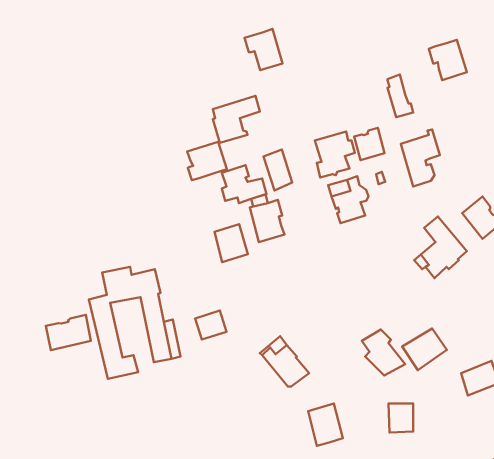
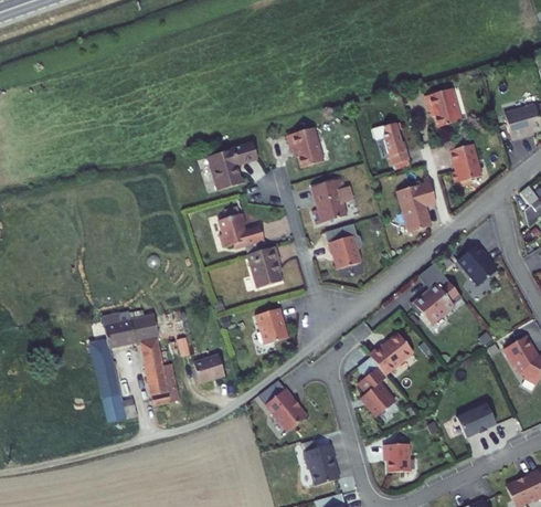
building: [244,29,282,70] -> [286,125,323,166]
building: none -> [449,141,482,182]
building: [354,128,385,160] -> none
building: [187,142,227,180] -> none
building: [264,150,292,190] -> none
building: [214,224,248,262] -> [255,306,288,344]
building: [46,315,91,350] -> none
building: [402,329,447,370] -> [370,335,414,376]

